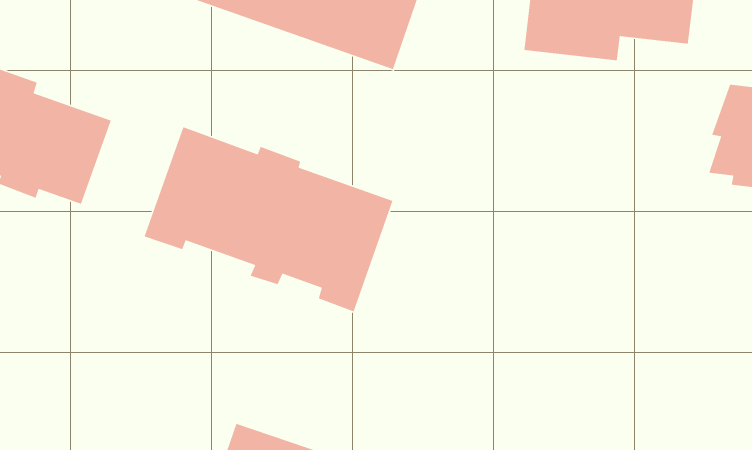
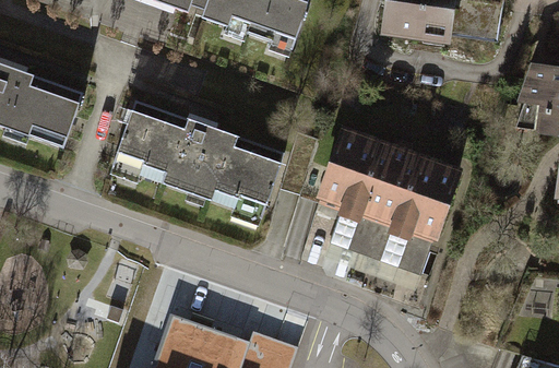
building: none -> [317,127,463,275]

